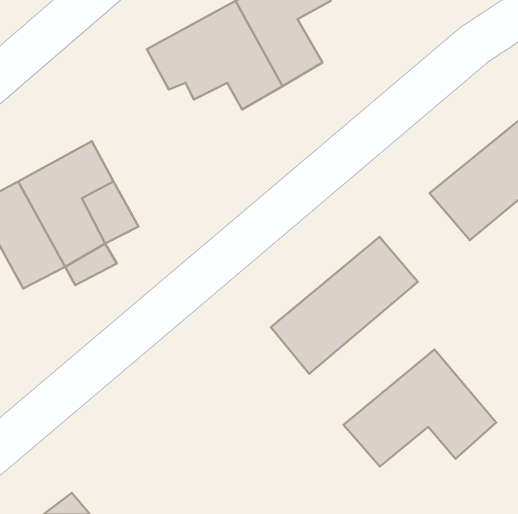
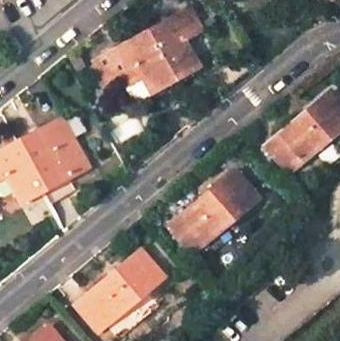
building: [344,350,496,467] -> none
building: none -> [76,251,165,333]

